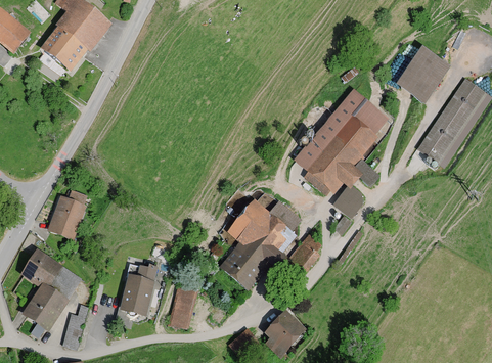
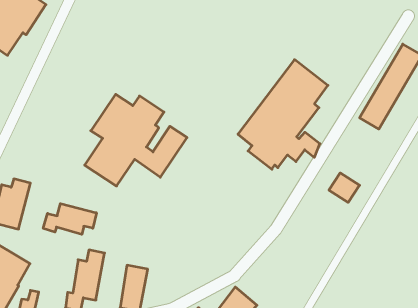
building: [397,47,451,104] -> none
building: [332,189,363,219] -> [329,173,360,202]
building: [219,199,322,290] -> [85,94,187,186]
building: none -> [43,204,96,234]

